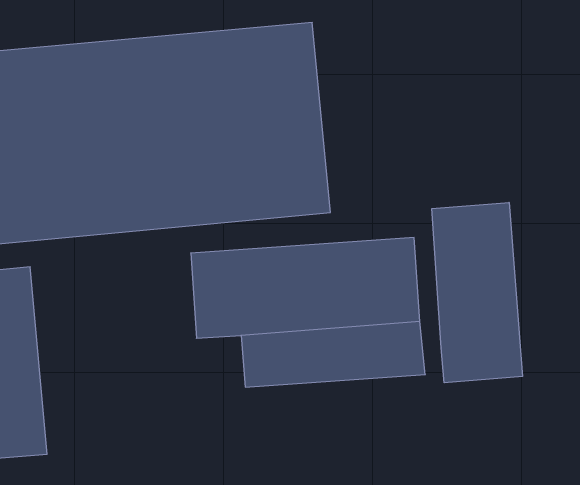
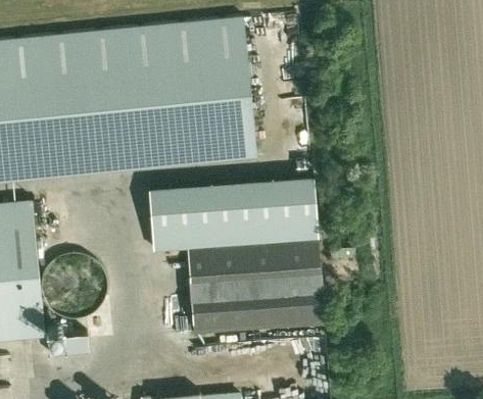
building: [432,202,523,383] -> none
building: none -> [190,287,325,336]

